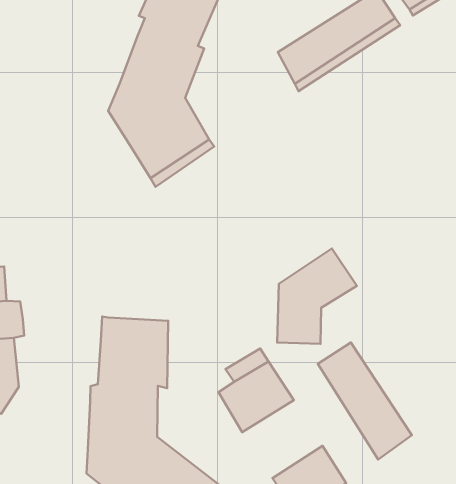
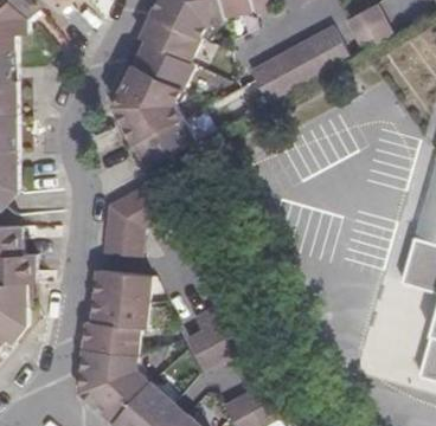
building: [277,249,357,344] -> [105,181,172,256]
building: [318,343,412,460] -> none

